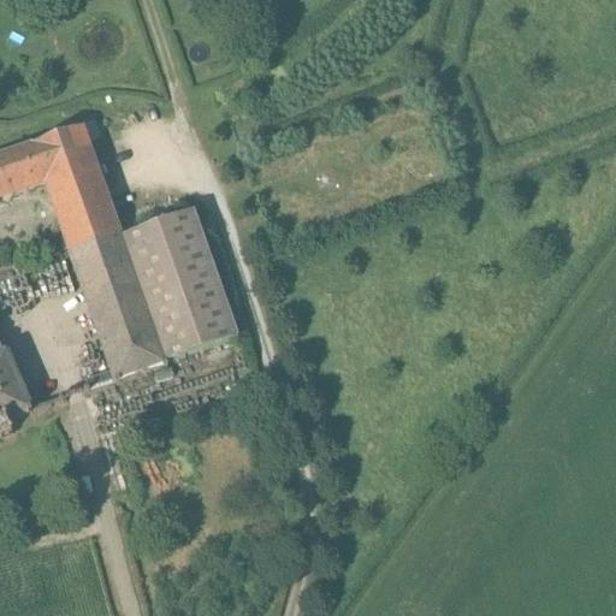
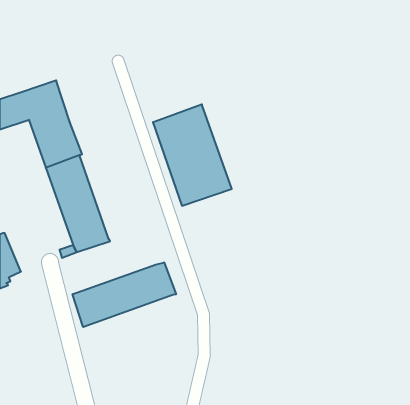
building: [119,206,237,357] -> [153,104,232,206]
building: none -> [73,262,176,327]

